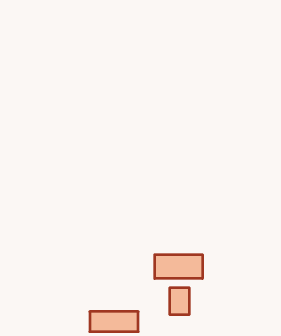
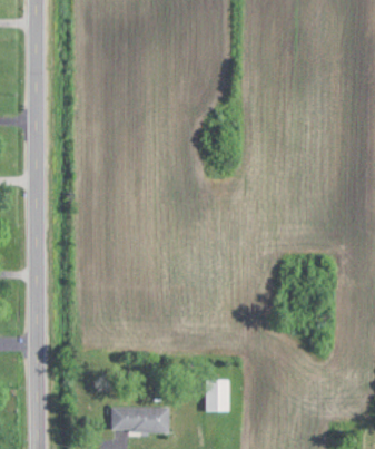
building: [155,255,202,279] -> none

